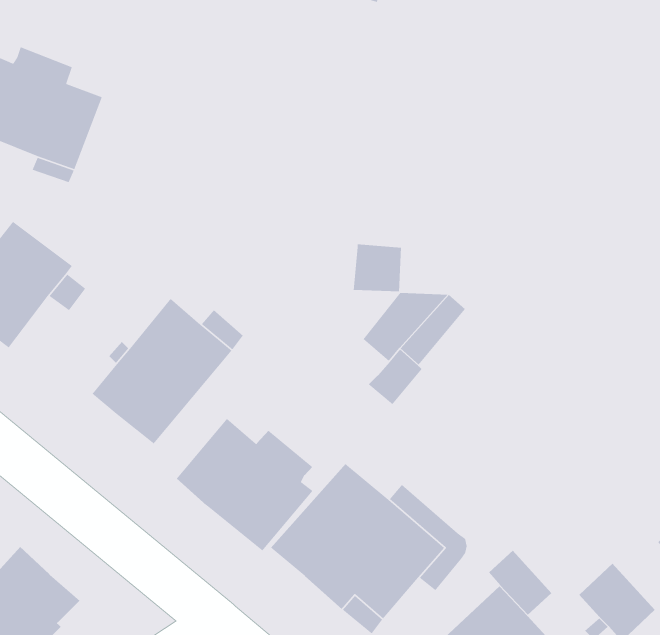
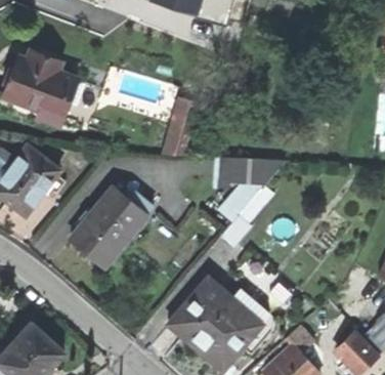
building: none -> [162,100,197,157]
building: none -> [238,159,285,184]
building: [176,418,313,552] -> none

